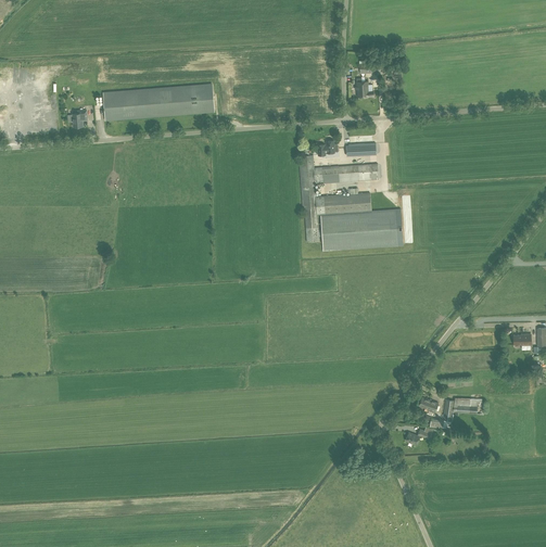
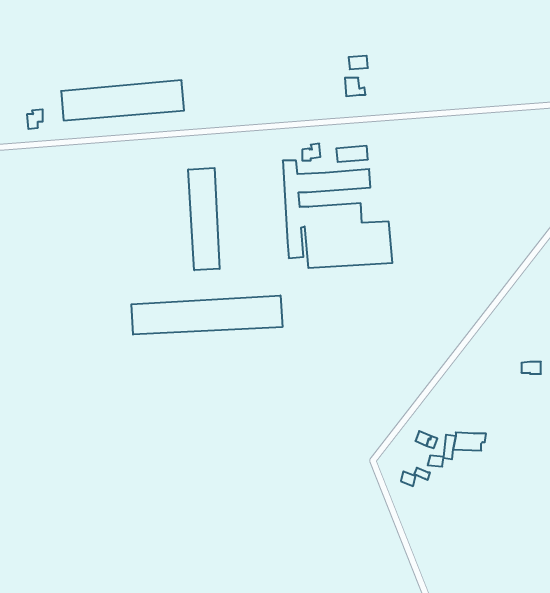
building: none -> [188,168,220,270]
building: none -> [131,295,282,335]

